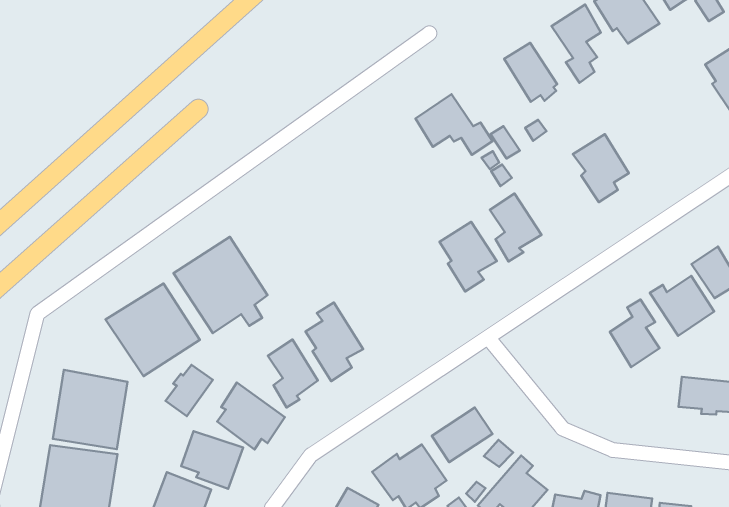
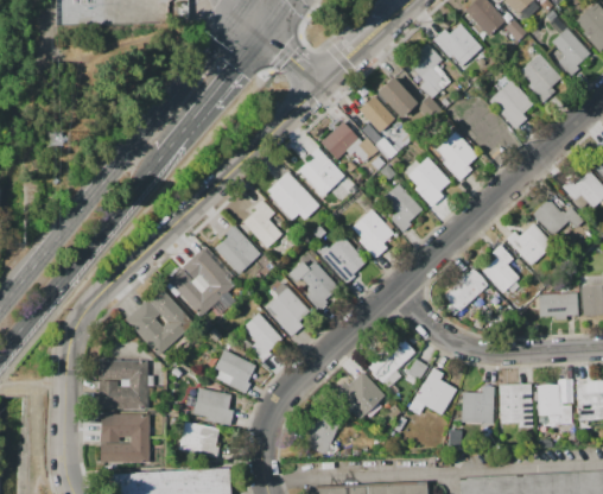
building: none -> [358,95,395,132]
building: none -> [491,75,533,128]
building: none -> [461,103,506,153]
building: none -> [299,147,344,196]
building: none -> [267,171,315,221]
building: none -> [404,157,450,208]
building: none -> [242,200,281,248]
building: none -> [215,226,260,274]
building: none -> [316,235,367,284]
building: none -> [286,260,338,310]
building: none -> [443,268,487,315]
building: [166,365,213,416] -> none

